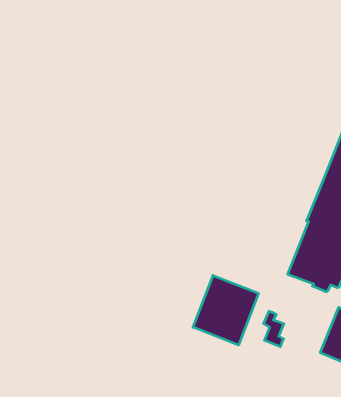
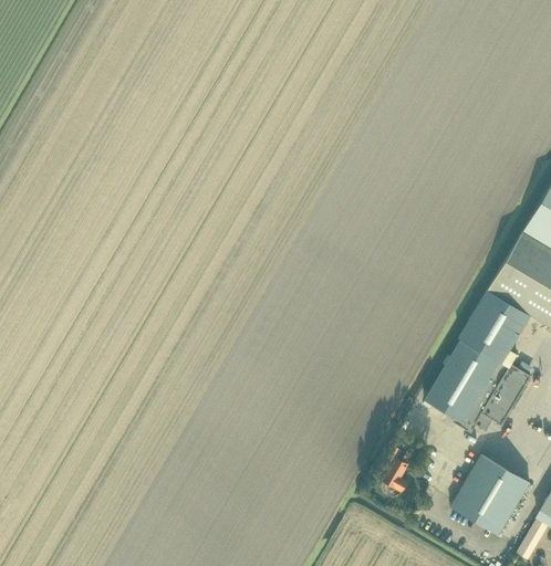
building: [193,275,258,345] -> none

